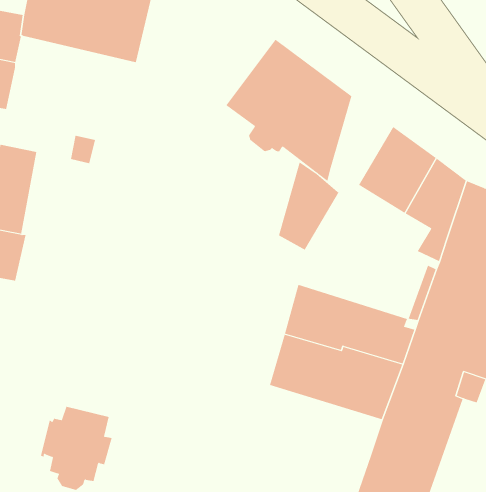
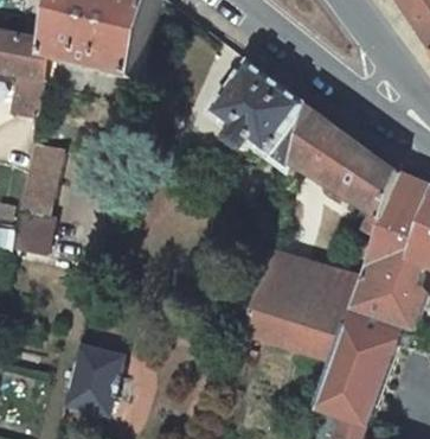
building: [278,162,340,250] -> [291,107,340,177]

